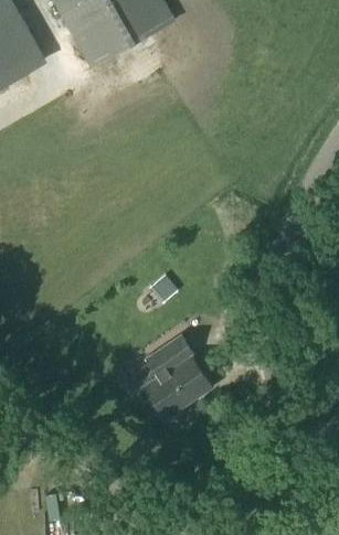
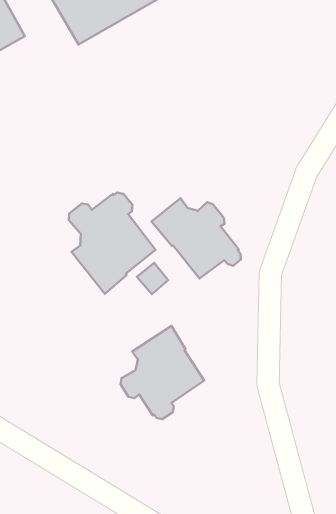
building: none -> [69,193,156,294]
building: none -> [152,198,241,279]

